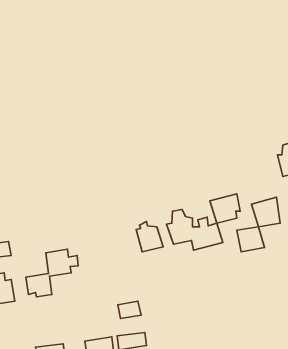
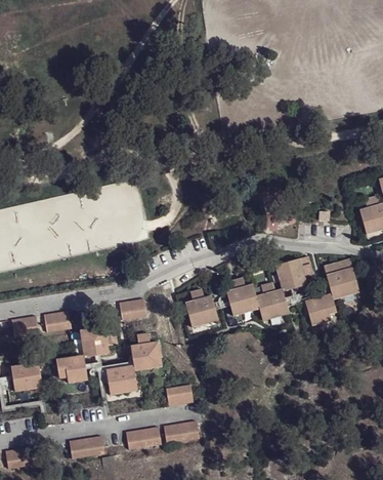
building: none -> [120,297,147,318]
building: none -> [45,310,72,330]
building: none -> [107,341,162,393]

